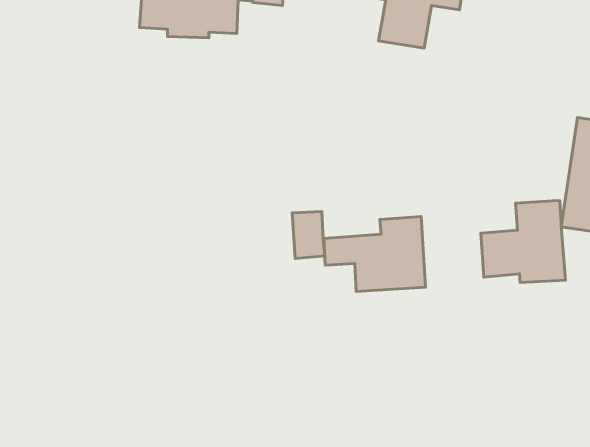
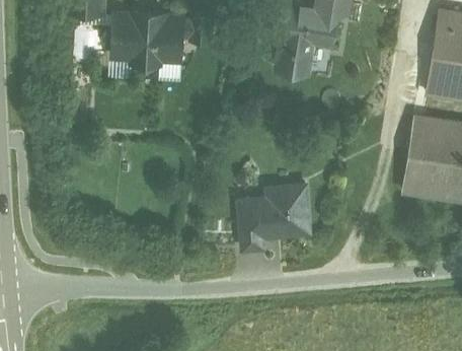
building: [481,201,566,282] -> none
building: [292,211,325,259] -> [240,218,262,251]

